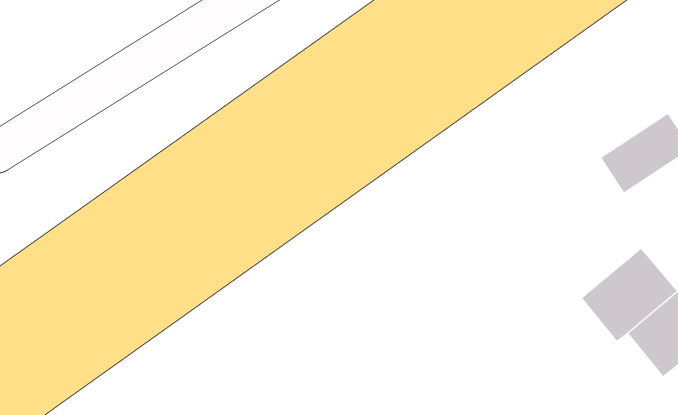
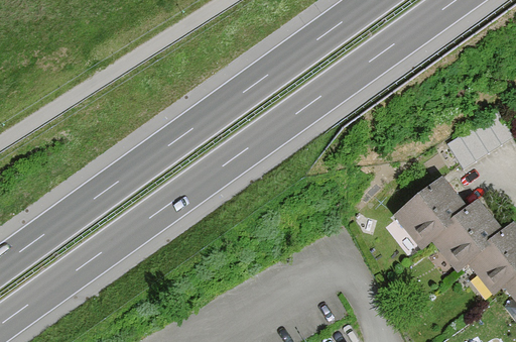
building: none -> [397,179,469,246]

